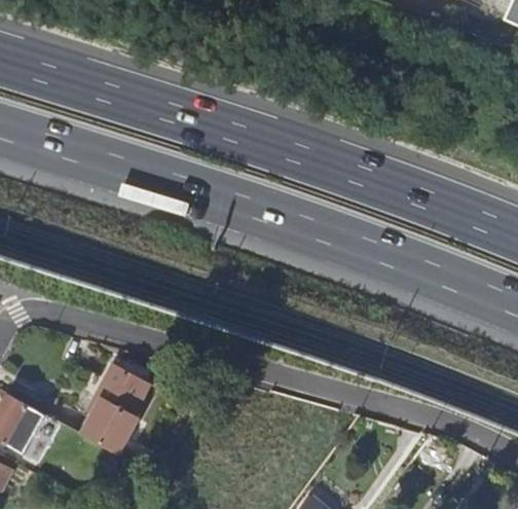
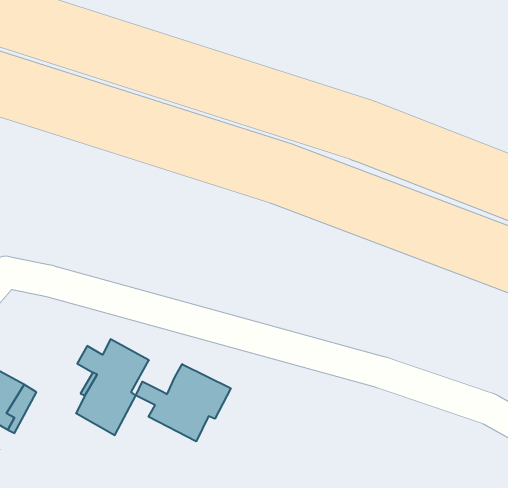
building: none -> [136,364,231,441]

